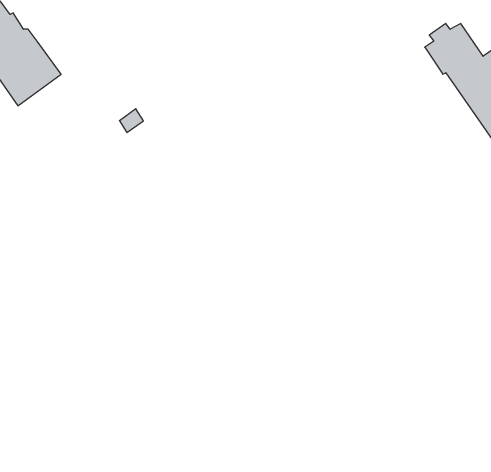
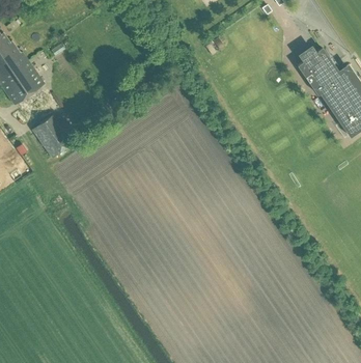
building: none -> [31,113,74,158]

